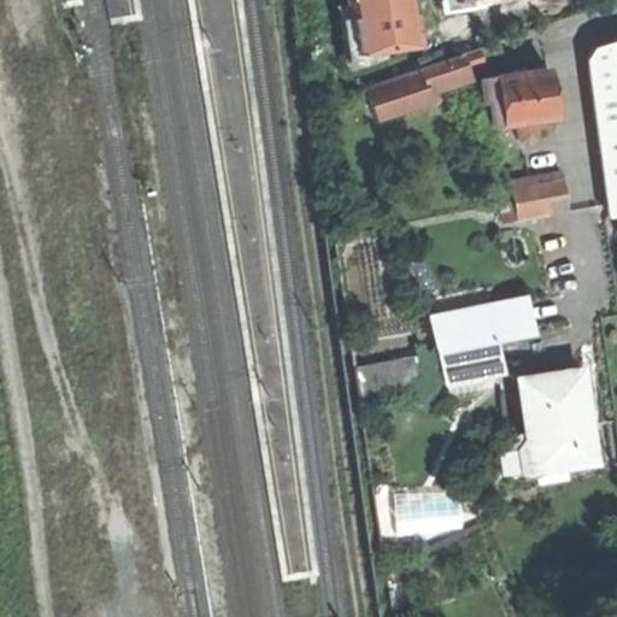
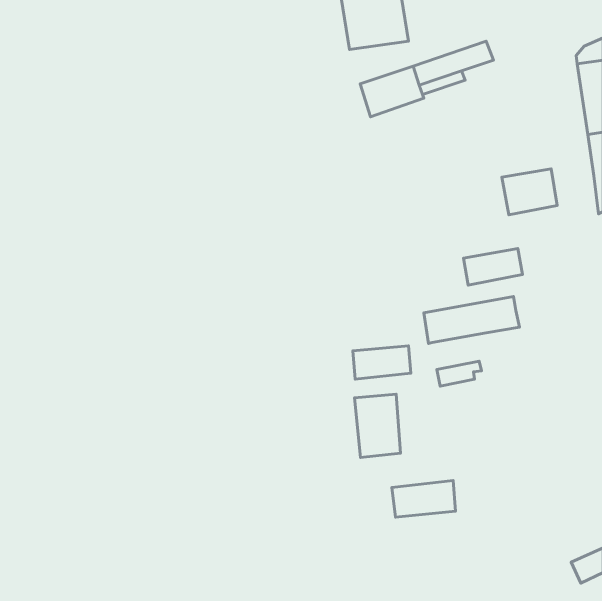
building: [488,70,557,125] -> none
building: [442,340,503,377] -> [463,249,522,285]
building: [521,370,593,468] -> none
building: none -> [354,394,401,458]

